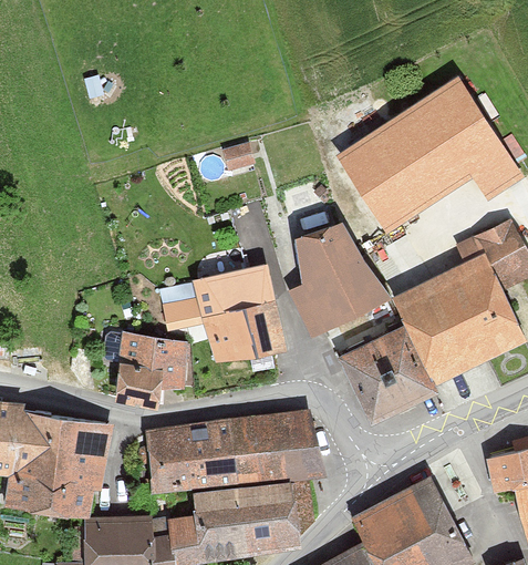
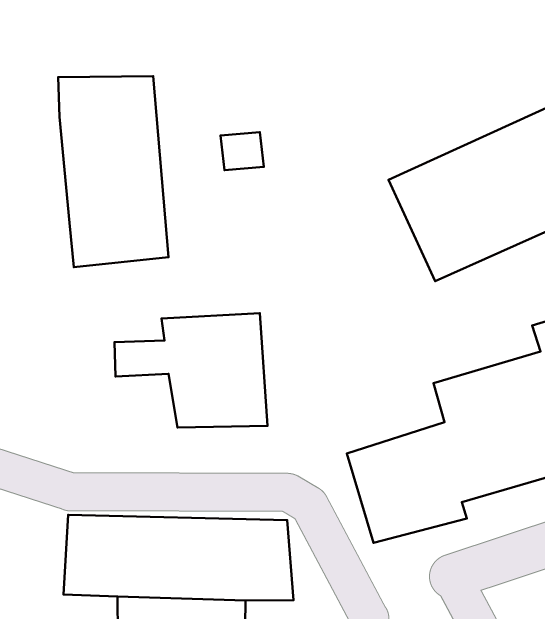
building: none -> [58,76,168,267]
building: [292,226,387,332] -> none
building: [102,328,182,404] -> none

